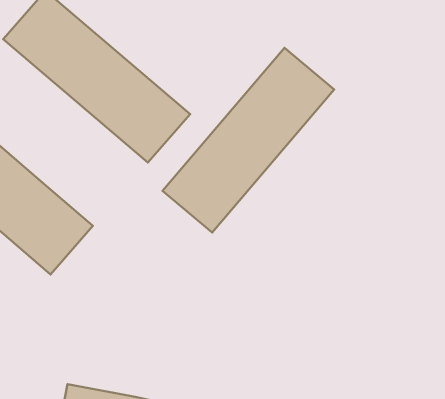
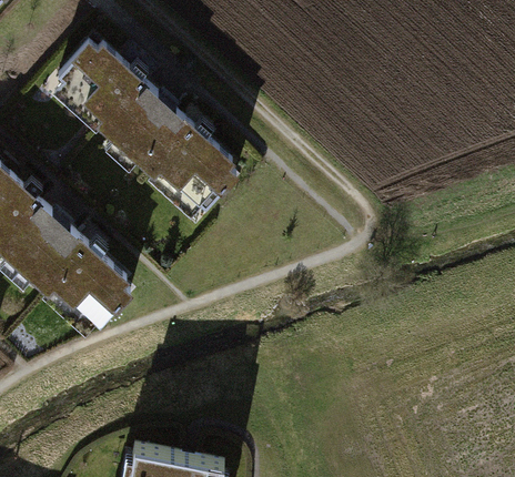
building: [162,48,334,232] -> none

